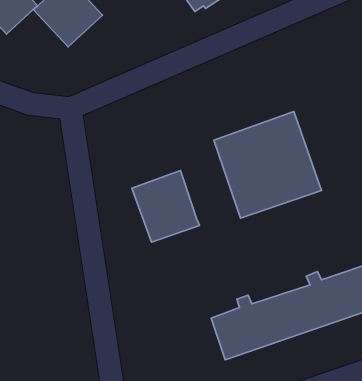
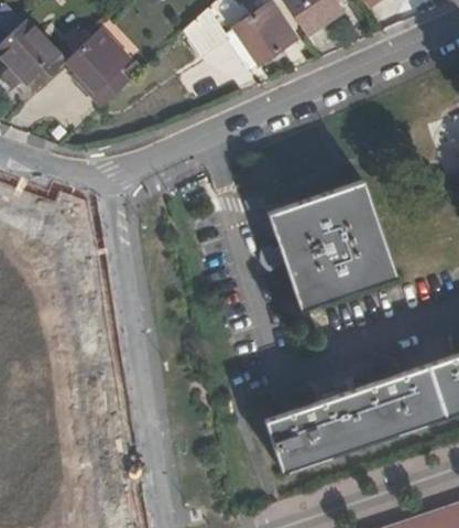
building: [132,171,200,242] -> none

